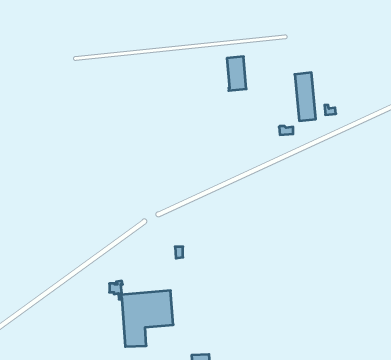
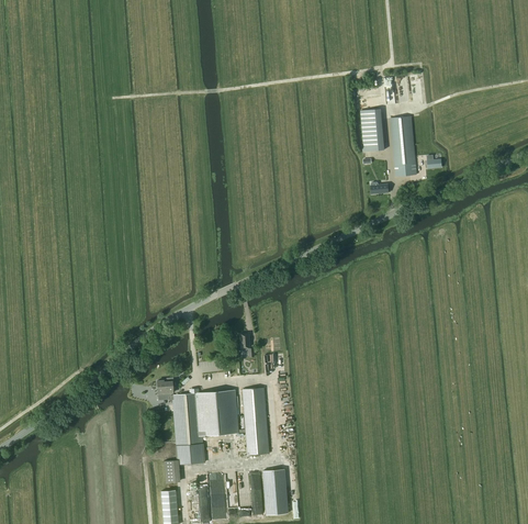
building: [227,57,246,91] -> [360,110,384,153]
building: none -> [241,389,269,456]

